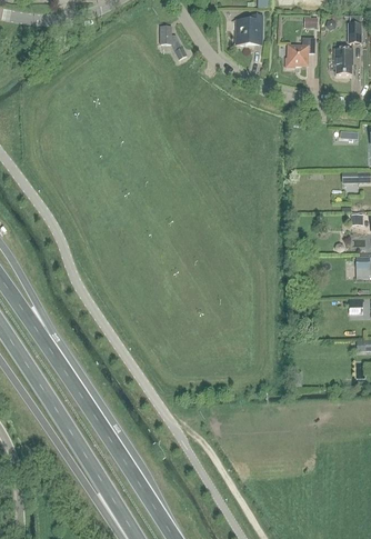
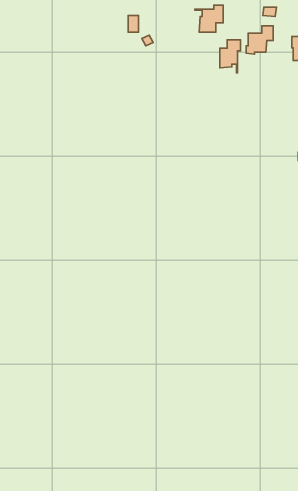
building: none -> [220,40,241,73]

